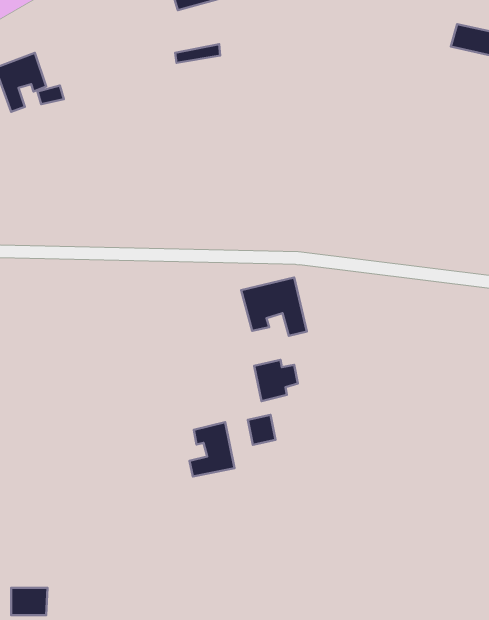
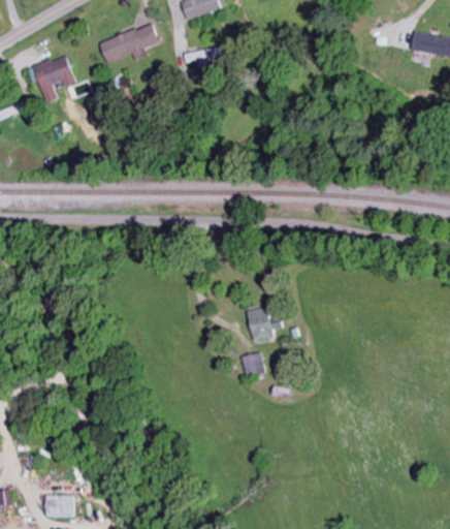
building: none -> [100,22,161,63]
building: [241,278,307,336] -> none
building: [190,422,234,477] -> none

